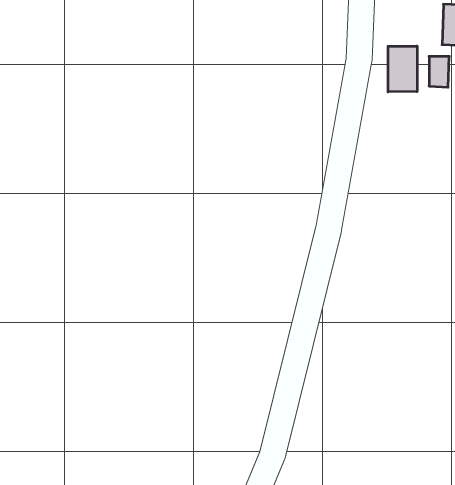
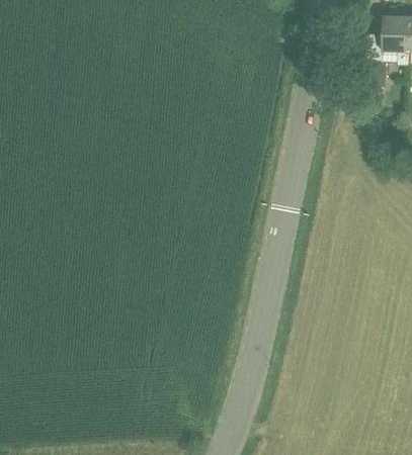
building: [388,46,417,92] -> none

